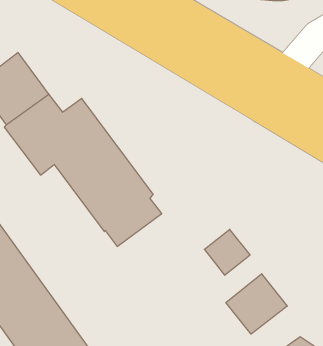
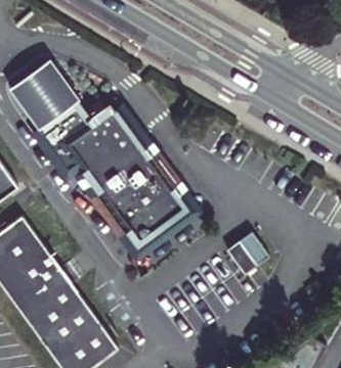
building: [226,274,287,334] -> none

